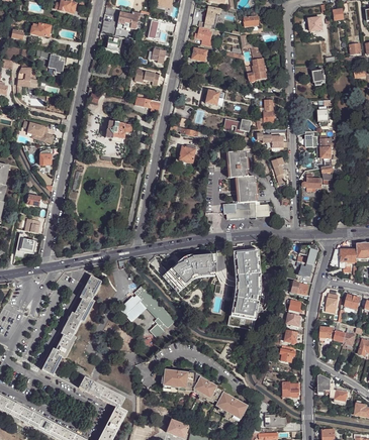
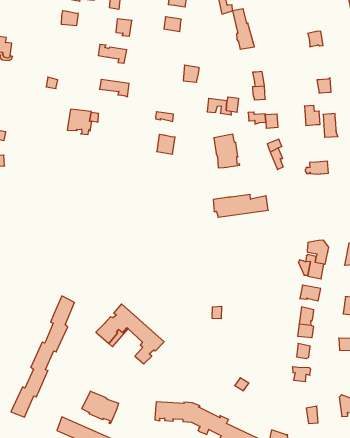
building: [237,176,256,203] -> none
building: [227,251,251,315] -> none
building: [161,255,210,292] -> none
building: none -> [82,391,119,424]

